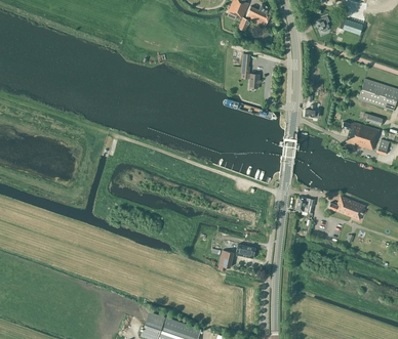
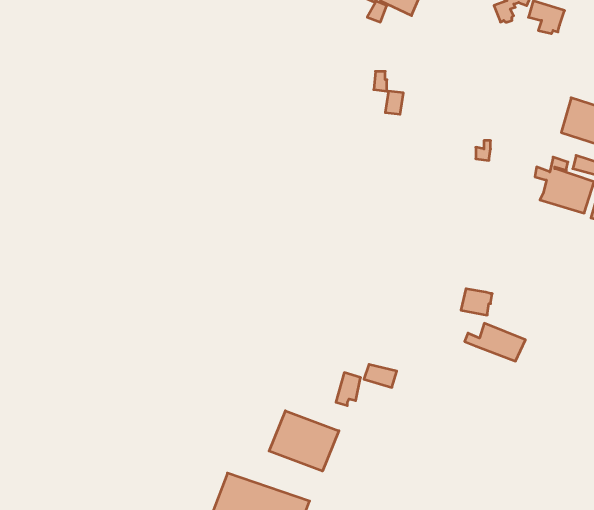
building: [327,196,365,219] -> [465,323,525,361]
building: none -> [269,411,339,471]

